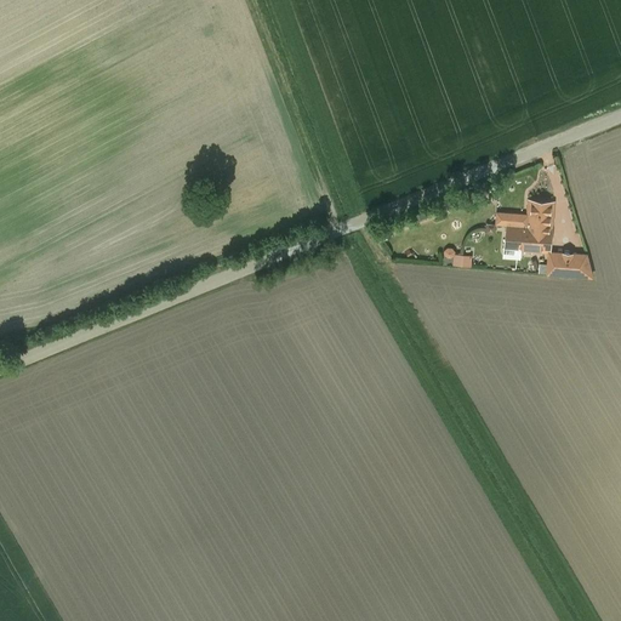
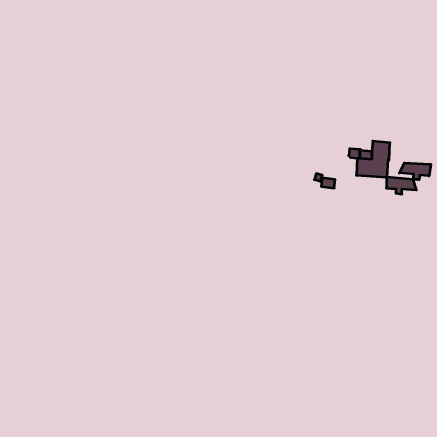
building: none -> [399,163,431,180]

